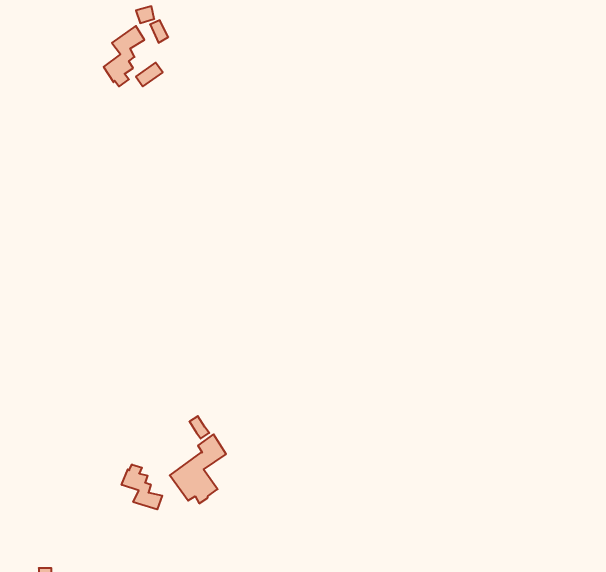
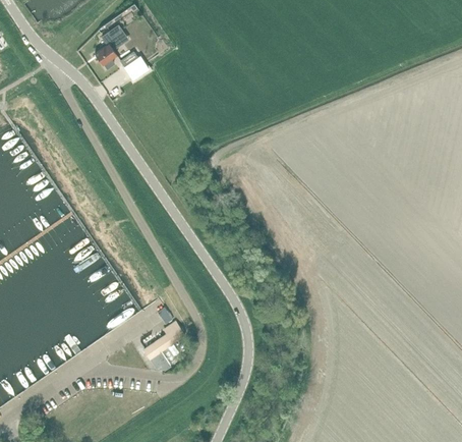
building: [122,464,162,509] -> none

